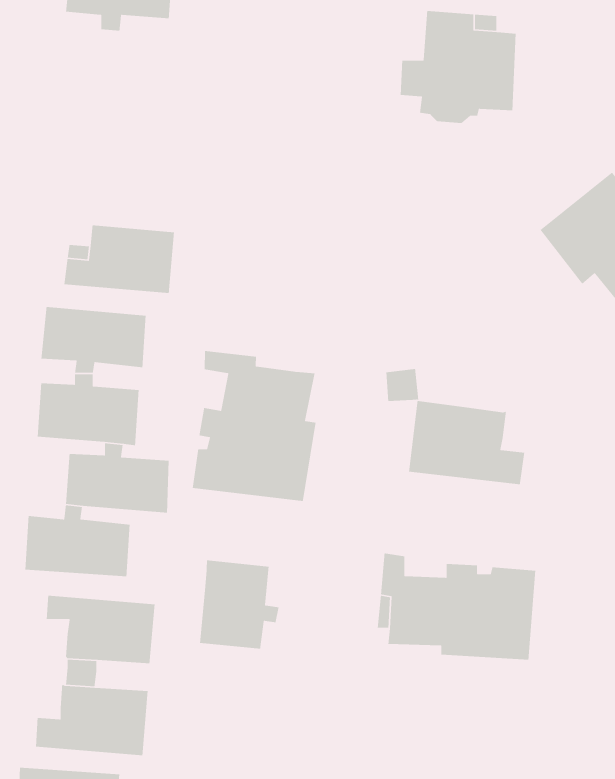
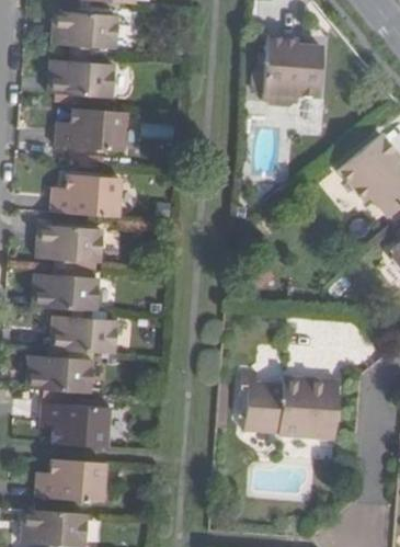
building: none -> [45,53,112,95]
building: none -> [54,106,122,150]
building: [192,350,317,502] -> none
building: [408,400,525,485] -> none
building: [199,560,280,650] -> none

